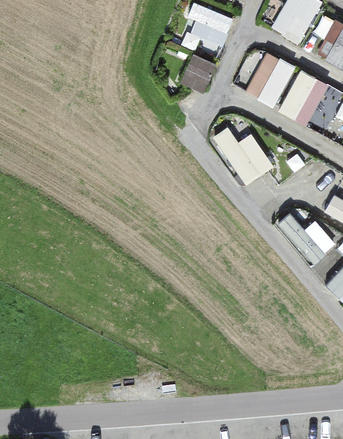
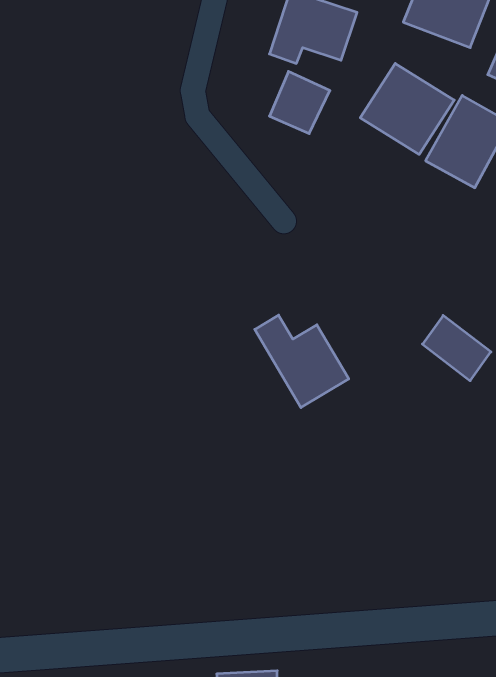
building: [214,128,273,186] -> [255,315,349,408]

